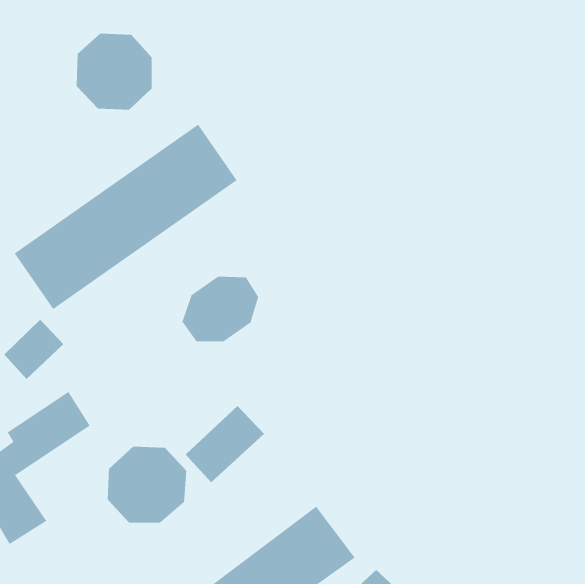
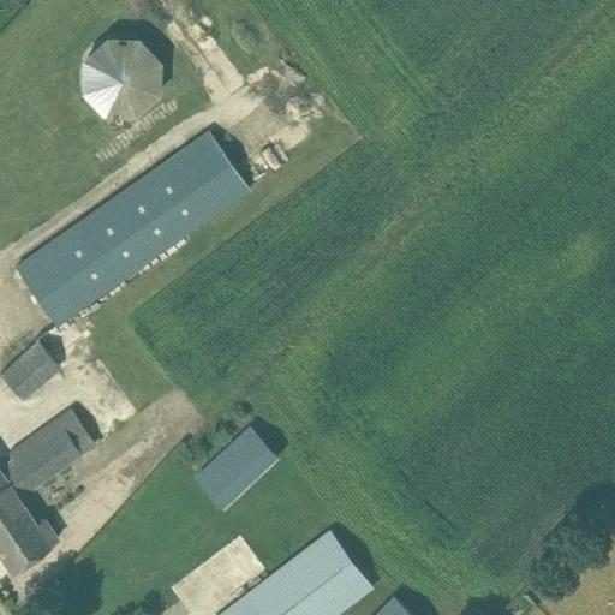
building: [182,276,259,342] -> none
building: [107,446,187,523] -> none

